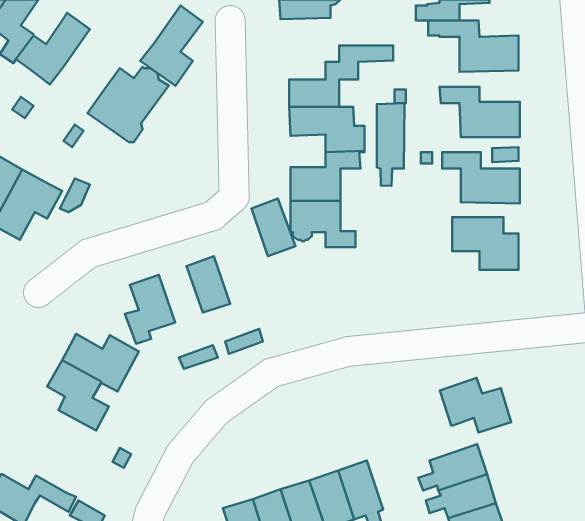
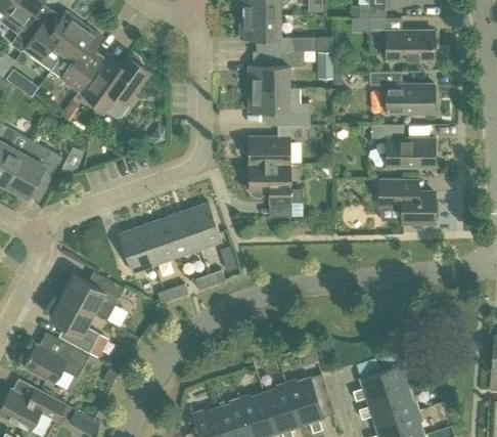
building: [140,6,203,86] -> [51,26,102,91]
building: none -> [239,16,280,40]
building: [377,103,405,186] -> none
building: [252,198,295,256] -> [185,203,221,250]
building: none -> [140,219,176,265]
building: [440,378,511,433] -> none
building: none -> [24,343,89,384]

